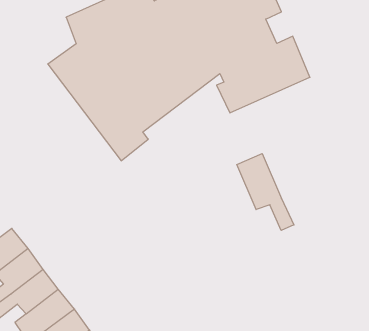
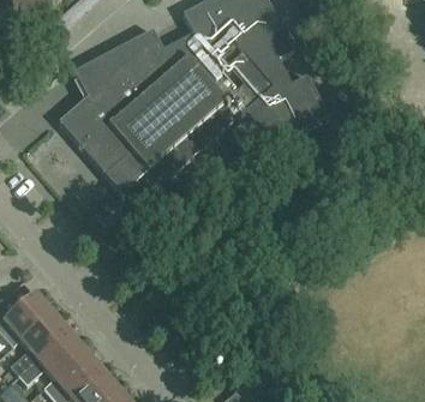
building: [237,154,294,230] -> none

